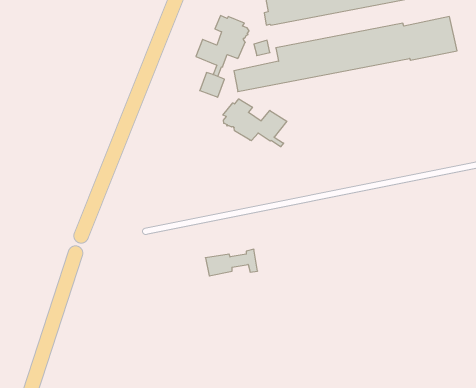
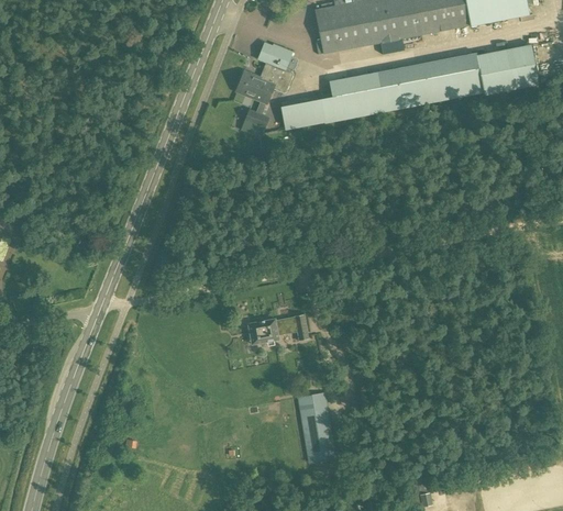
building: [223,99,287,147] -> none
building: none -> [298,391,335,463]

